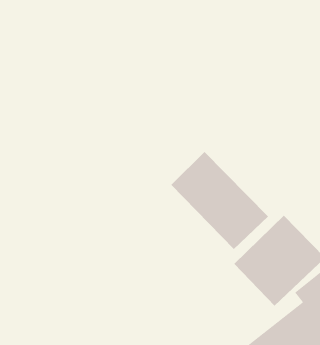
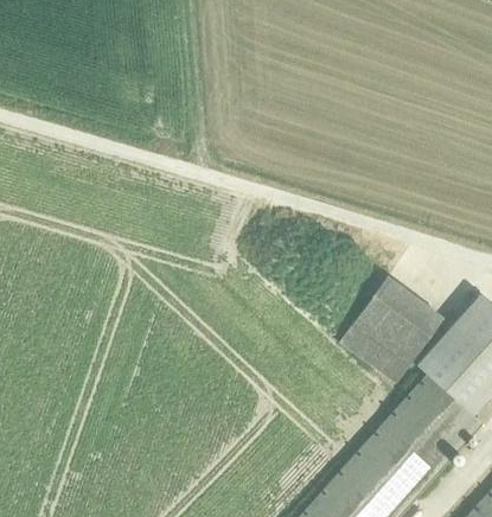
building: [171,151,269,250] -> none

